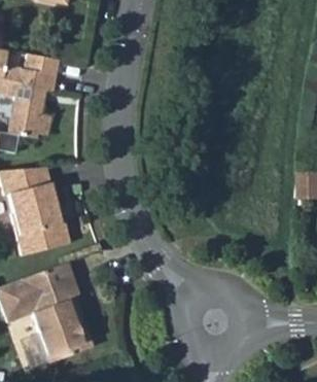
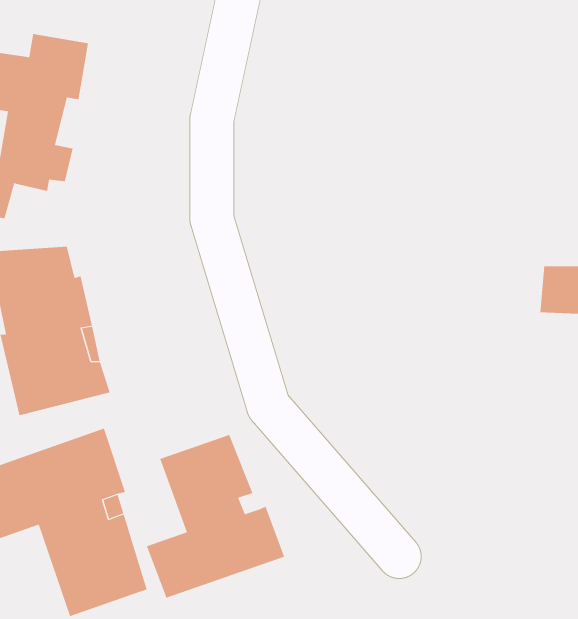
building: none -> [146,434,285,598]

